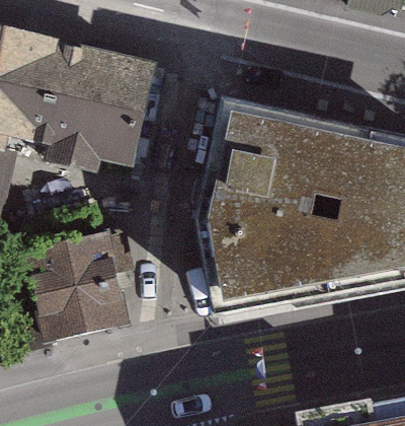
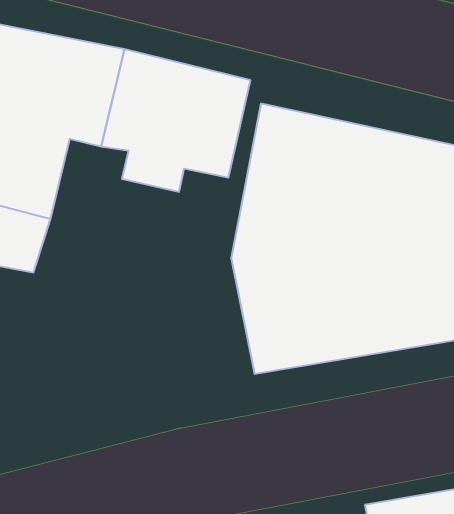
building: [23,237,128,345] -> none

